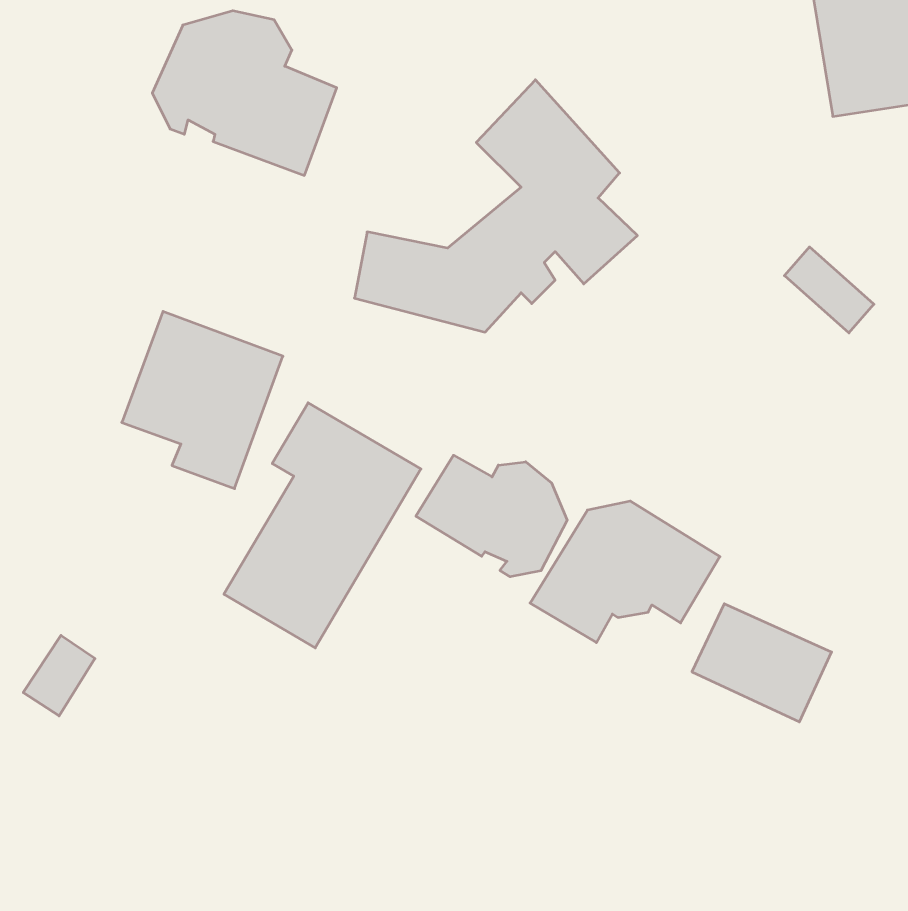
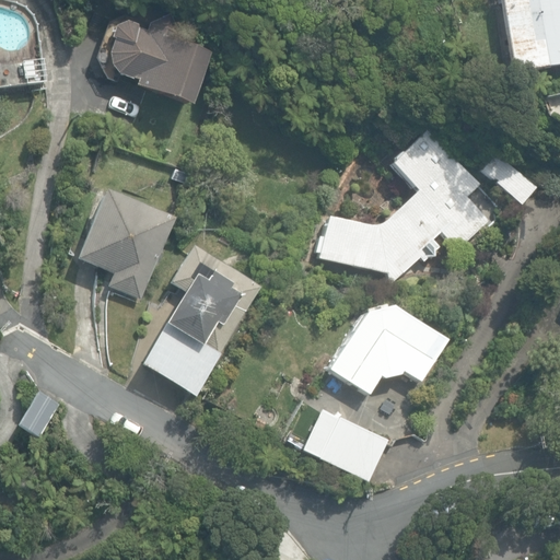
building: [354,80,637,332] -> [318,125,491,279]
building: [416,455,567,577] -> none
building: [692,604,832,722] -> [304,408,389,480]

